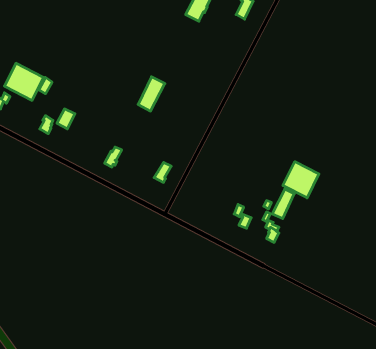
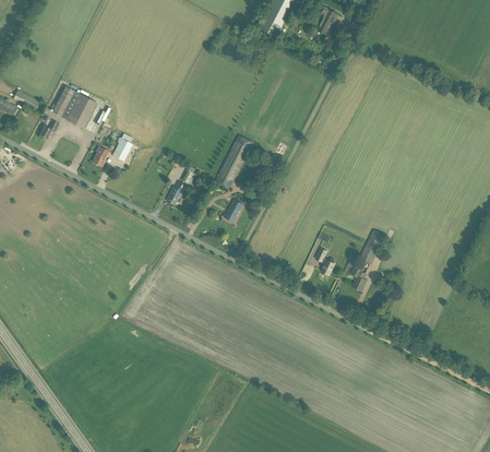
building: [138,77,165,111] -> [219,142,250,181]
building: [283,162,319,198] -> none

